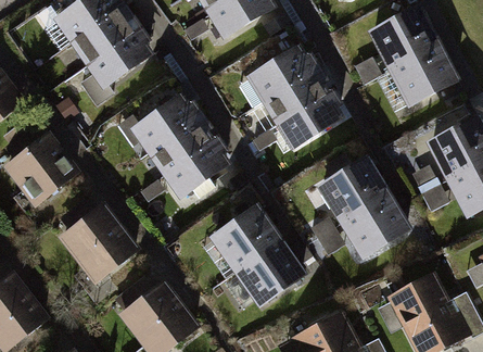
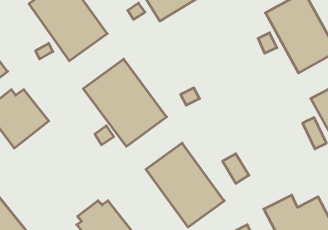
building: [245,41,346,150] -> none
building: [318,158,415,263] -> none
building: [58,198,140,282] -> none

